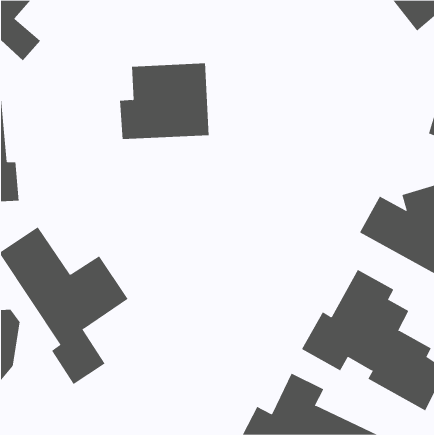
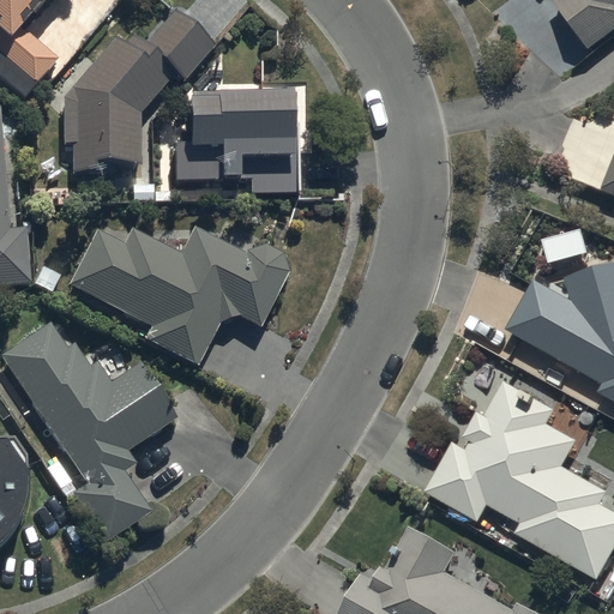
building: none -> [71,11,215,173]
building: none -> [65,227,288,366]

